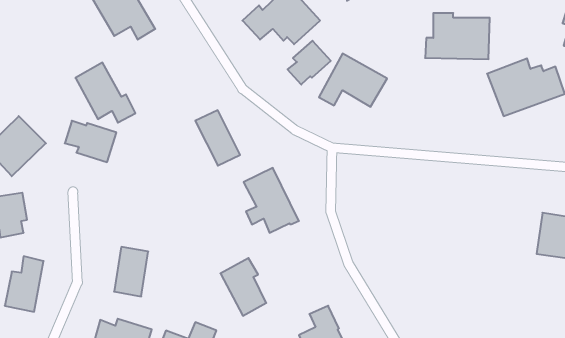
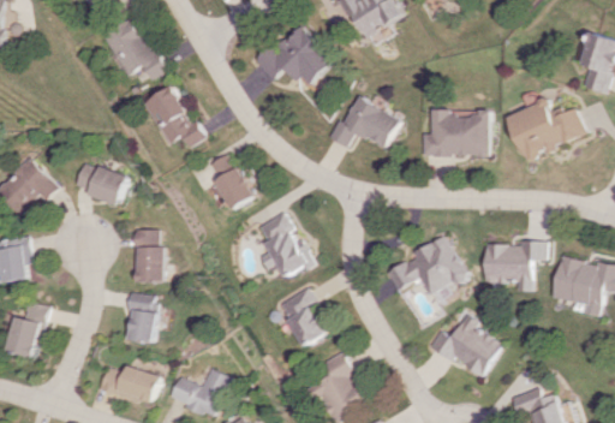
building: [425,13,490,59] -> [422,109,488,156]
building: [288,41,331,85] -> none
building: [75,63,135,123] -> [142,87,203,148]
building: none -> [133,230,162,282]
building: none -> [386,237,466,297]
building: none -> [484,240,547,291]
building: [220,258,266,316] -> [276,288,323,347]
building: none -> [428,314,501,376]

